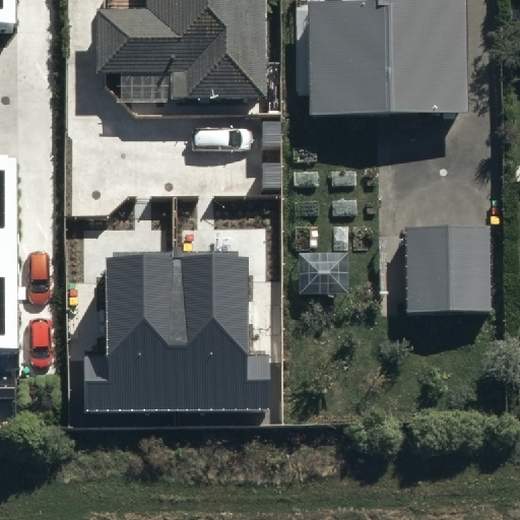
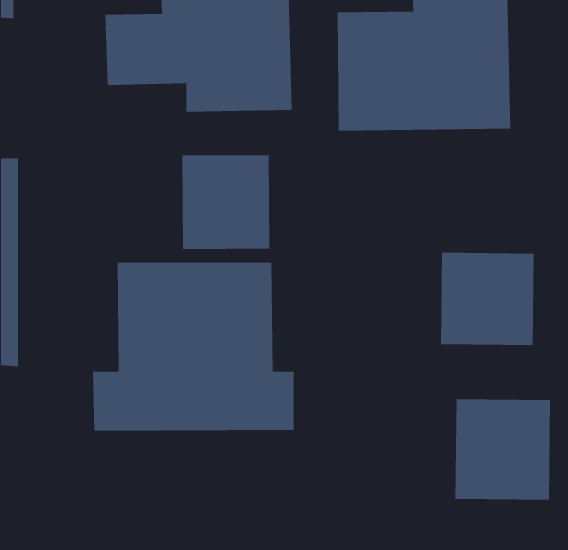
building: none -> [182,154,270,250]
building: none -> [455,399,551,500]

